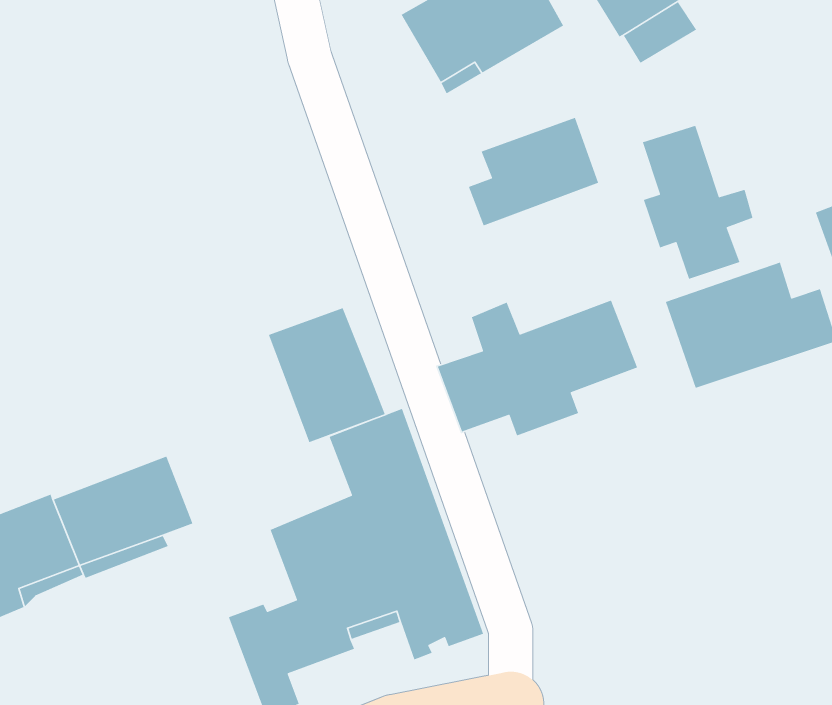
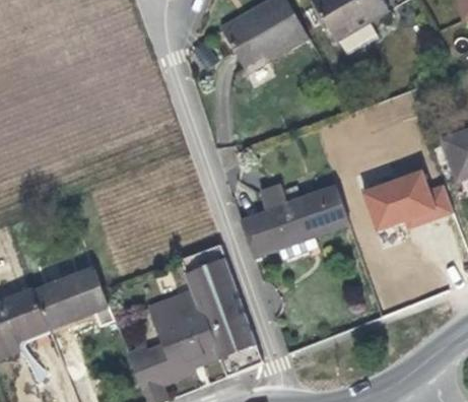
building: [468,117,599,226] -> none
building: [642,125,754,280] -> none
building: [268,307,386,443] -> none

